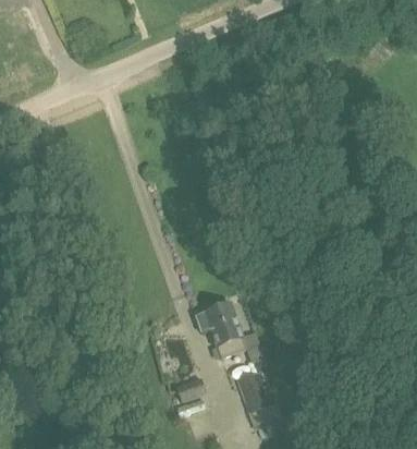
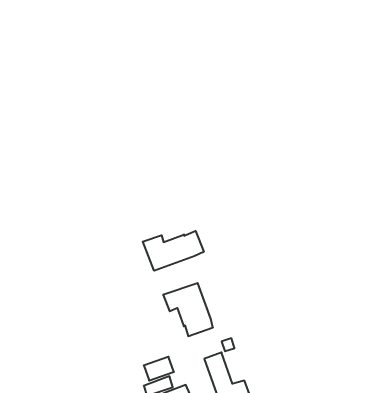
building: none -> [143,231,204,271]

